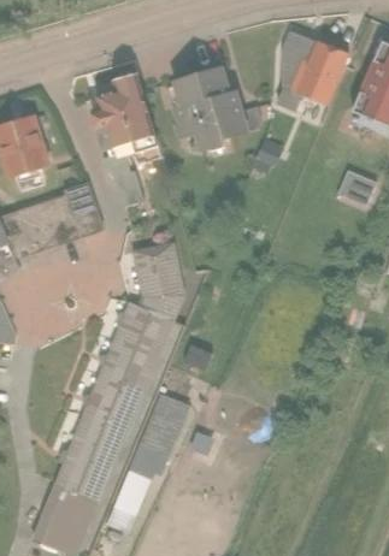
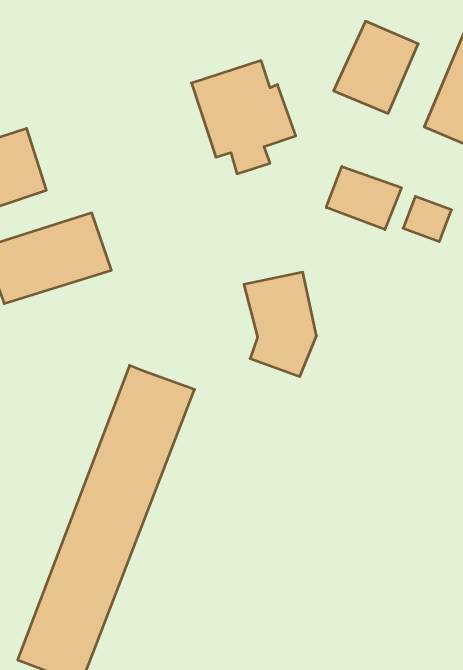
building: [93,77,163,155] -> none
building: none -> [326,166,401,230]
building: [128,242,185,325] -> [244,272,317,376]
building: [110,394,190,533] -> none

